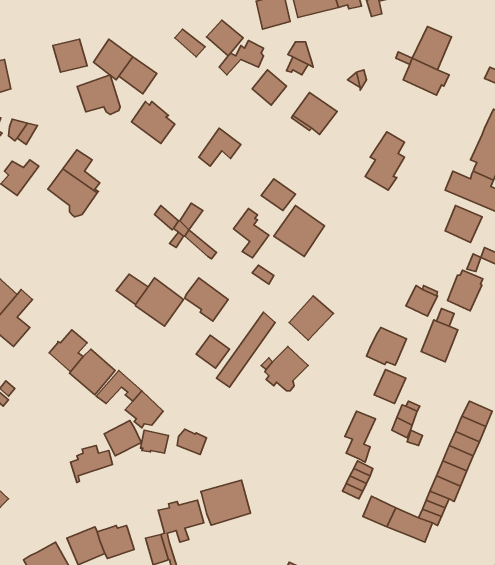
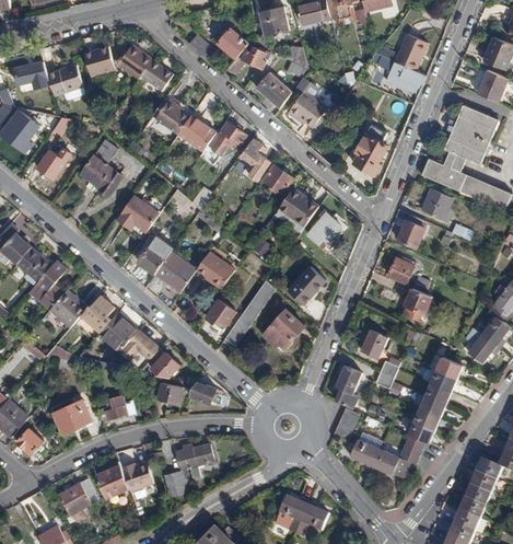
building: [77,75,120,114] -> [46,65,83,99]
building: none -> [176,114,215,152]
building: [233,208,269,258] -> [240,138,270,181]
building: none -> [116,195,159,232]
building: none -> [307,213,346,250]
building: [447,270,483,311] -> [396,215,427,250]
building: none -> [49,289,88,327]
building: [367,327,406,365] -> none
building: [104,420,142,456] -> none
building: none -> [53,400,92,433]
building: [201,480,251,525] -> none

